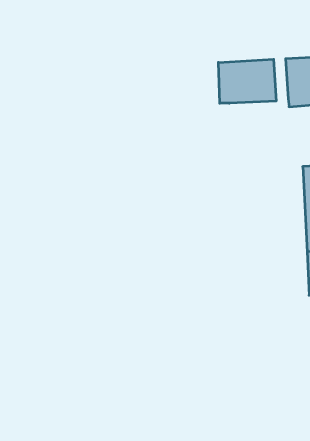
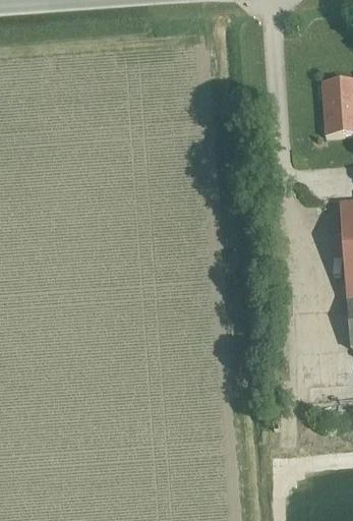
building: [218,59,276,103] -> none

